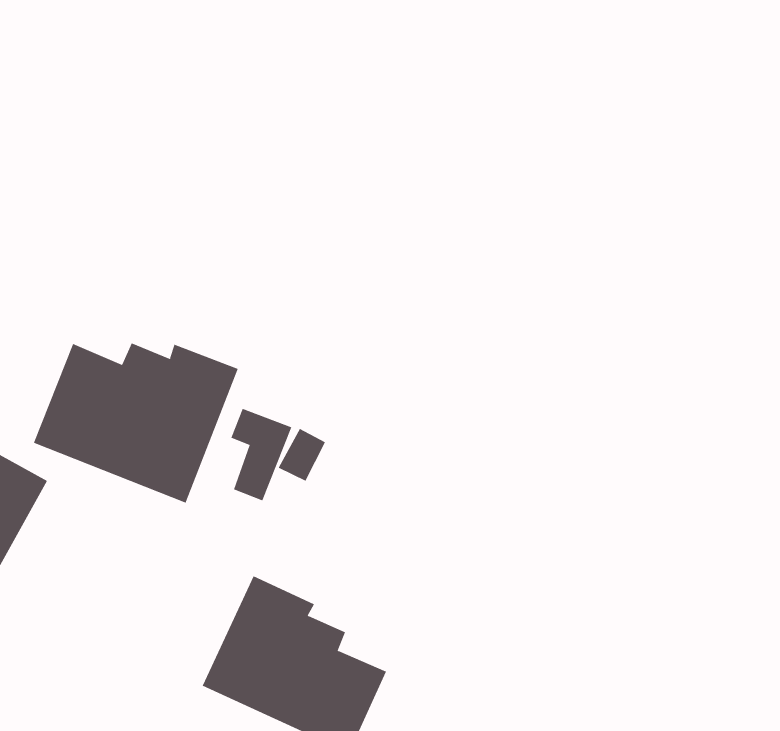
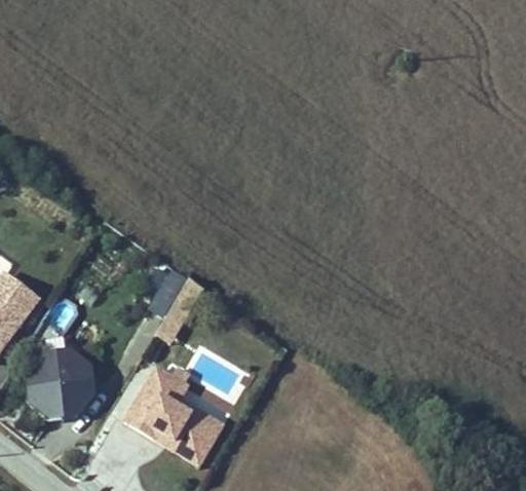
building: [33,342,238,503] -> none
building: none -> [27,338,96,422]

